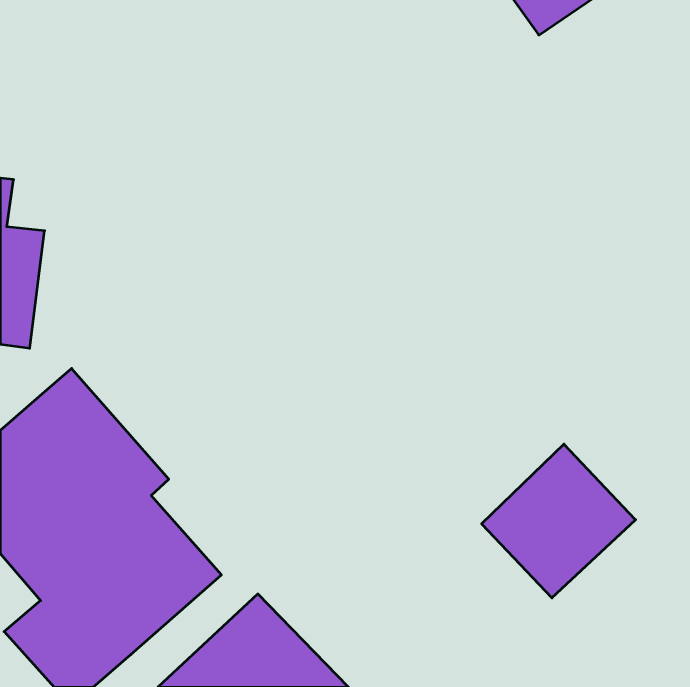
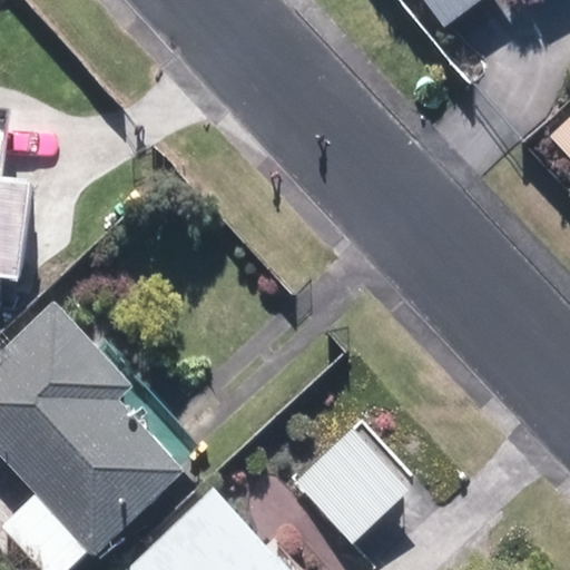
building: [482,444,636,598] -> [291,417,417,544]

